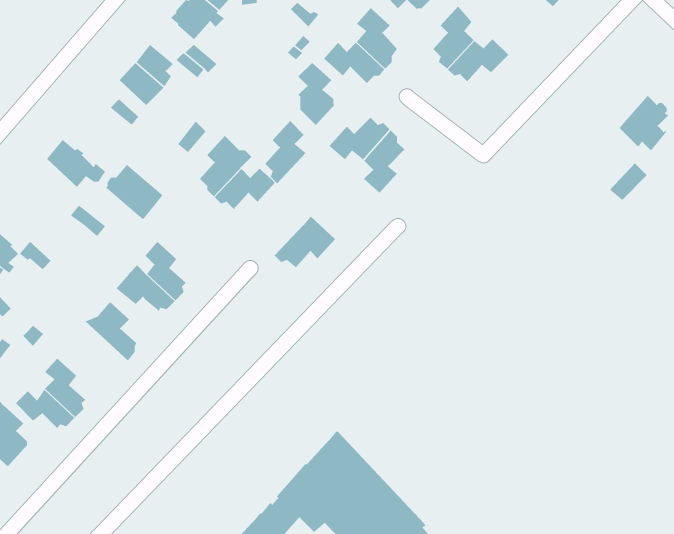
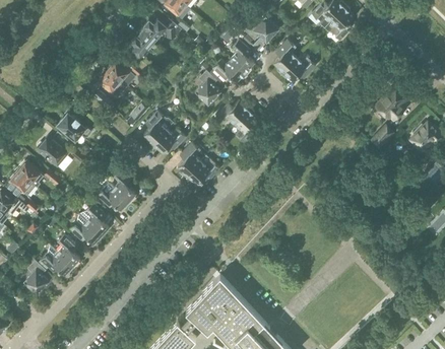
building: [264,120,306,184] -> [178,142,201,178]
building: [105,164,163,221] -> [37,135,69,166]
building: none -> [70,214,104,242]

